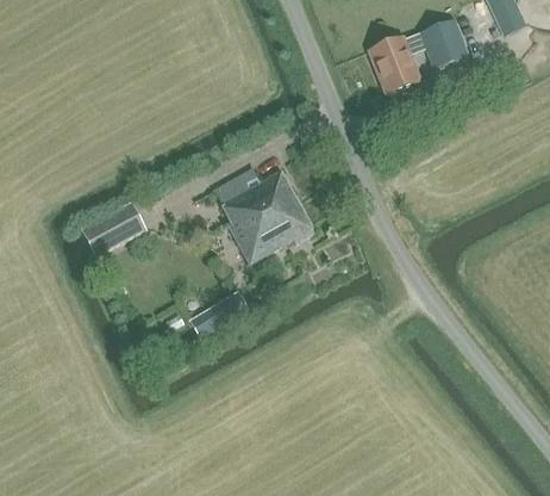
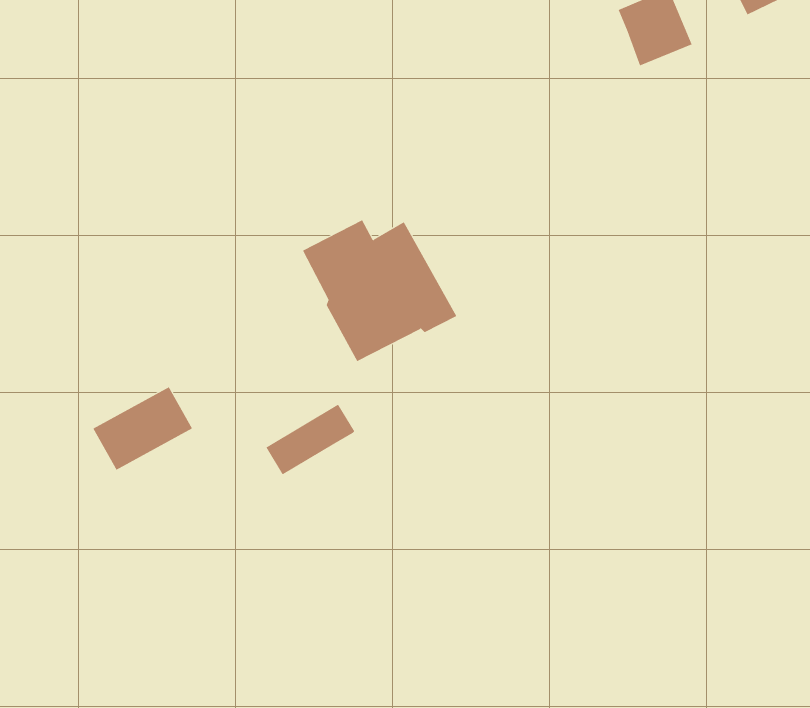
building: [369,32,426,94] -> none
building: [81,202,146,256] -> [92,387,193,471]

